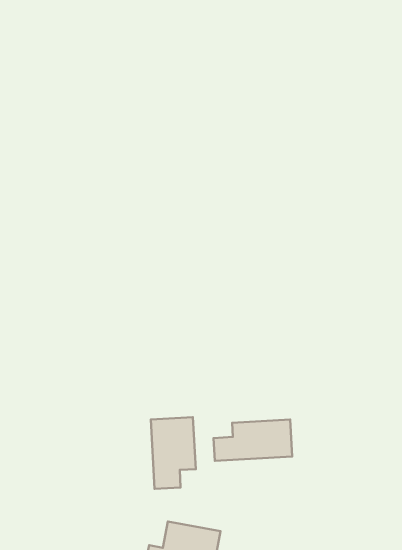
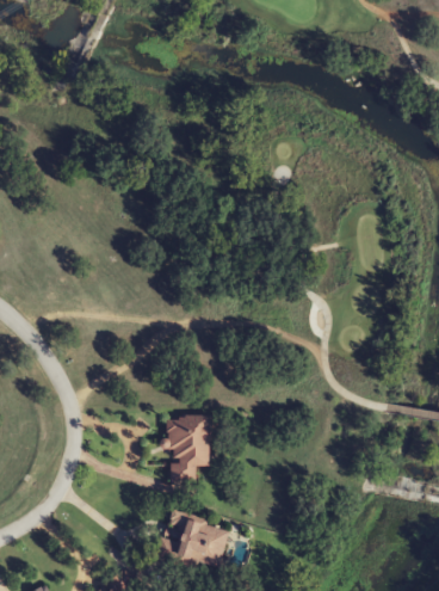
building: [214,420,292,461] -> none

